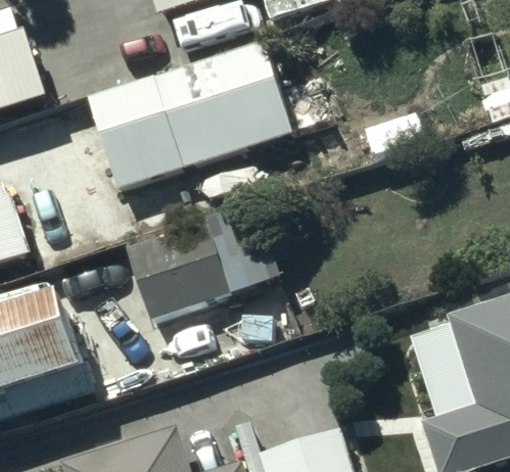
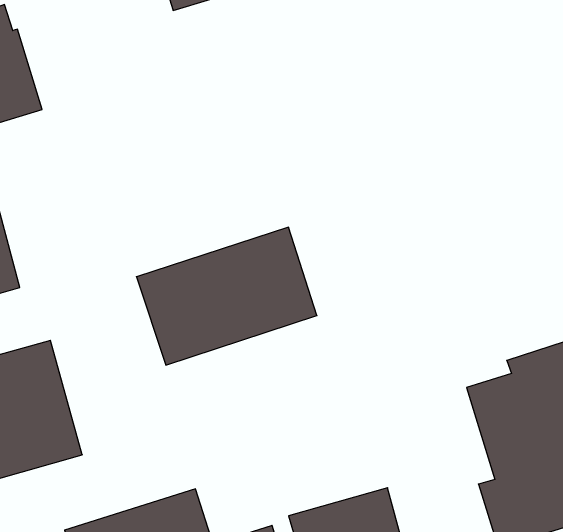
building: [91,41,293,188] -> none

